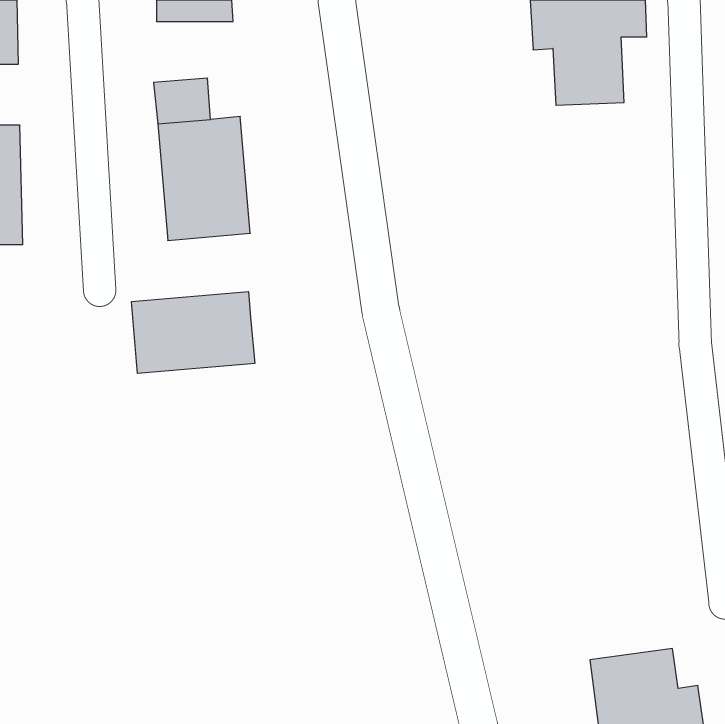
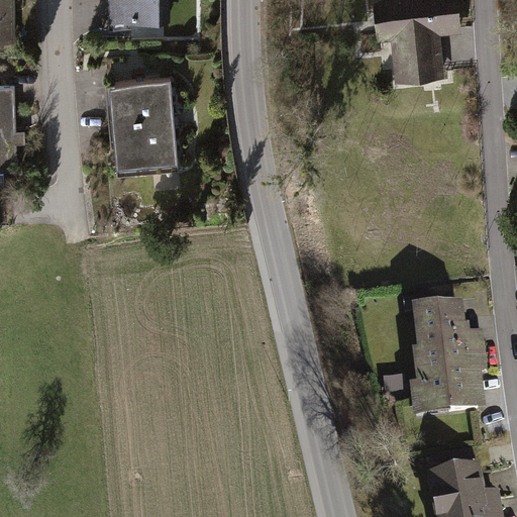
building: [132,292,255,373] -> none
building: none -> [402,296,487,412]

